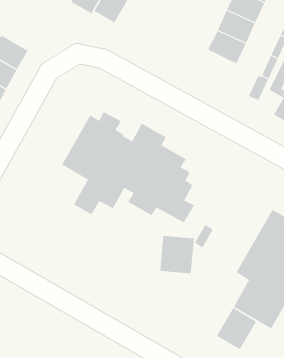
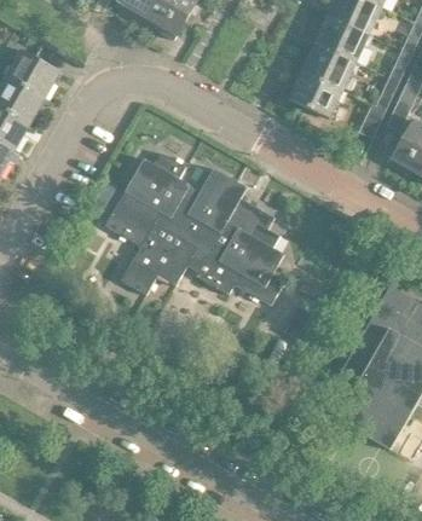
building: none -> [289,70,342,117]
building: [160,235,194,274] -> none
building: [216,307,257,350] -> none

